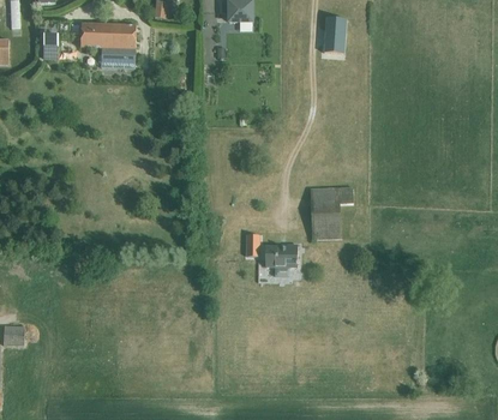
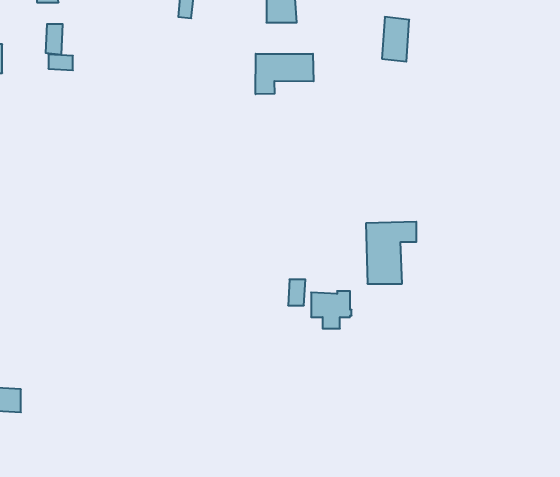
building: [80,22,137,67] -> none
building: none -> [256,54,314,94]

